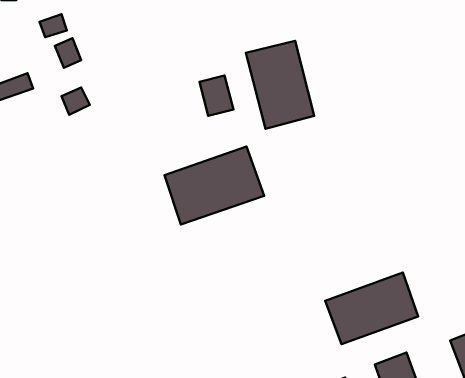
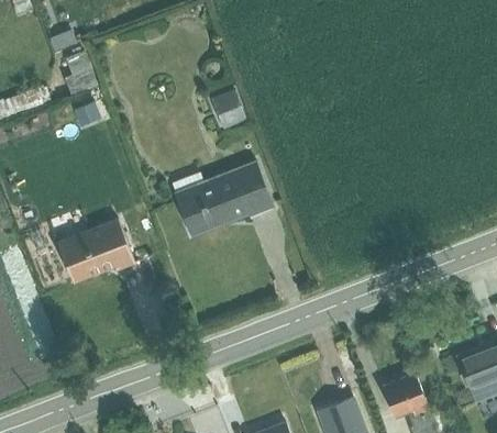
building: [246,41,314,129] -> none
building: none -> [56,218,134,288]
building: [325,273,418,344] -> none

